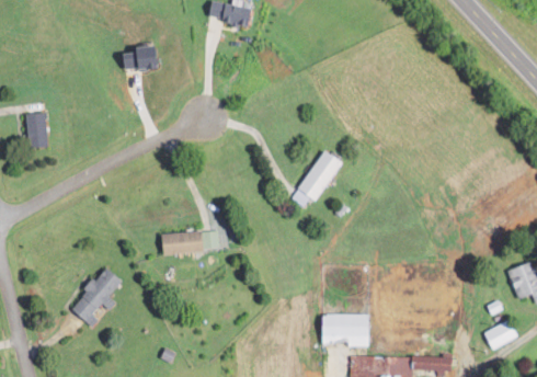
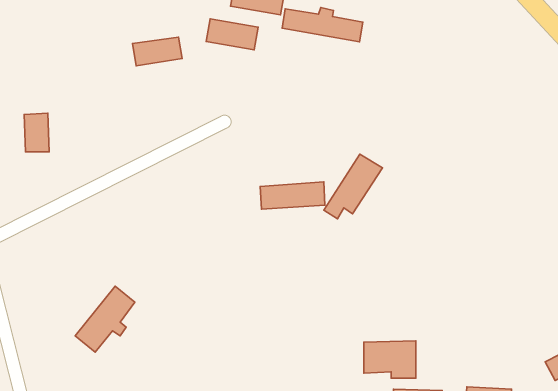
building: none -> [282,8,363,42]
building: none -> [206,19,258,50]
building: [161,229,218,253] -> [260,182,325,209]

